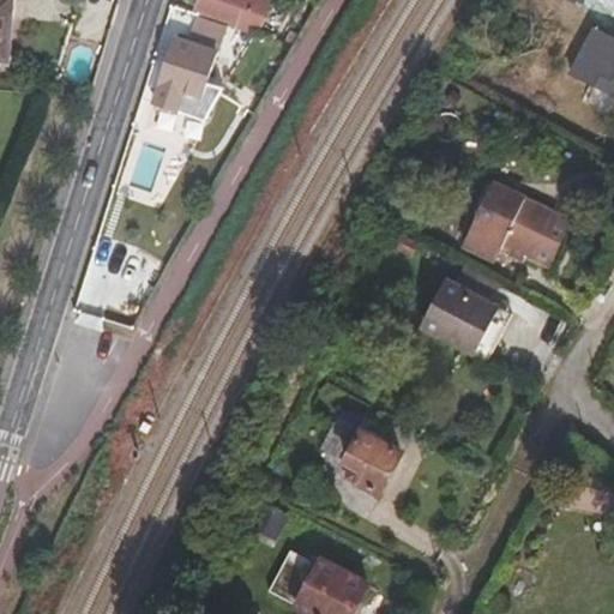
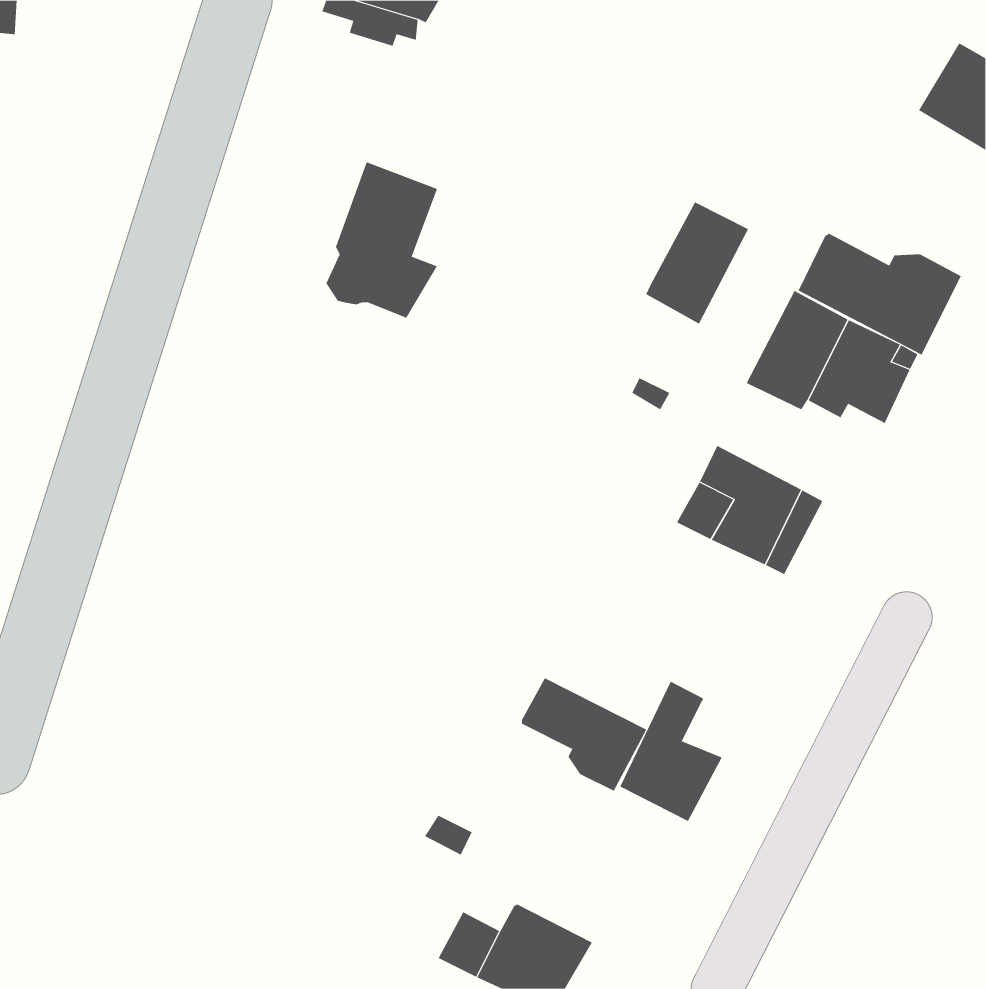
building: [151,24,221,121] -> [325,162,438,318]
building: none -> [646,202,749,325]
building: none -> [798,233,962,355]
building: none -> [619,681,722,822]

